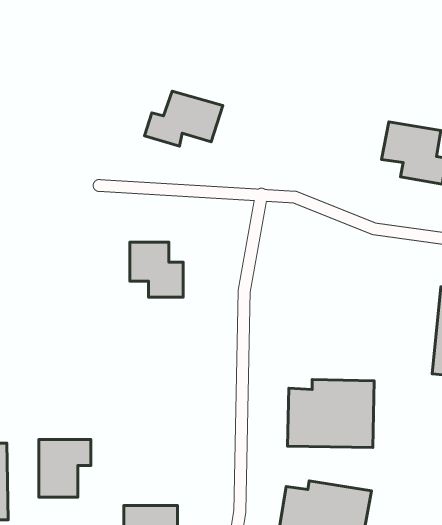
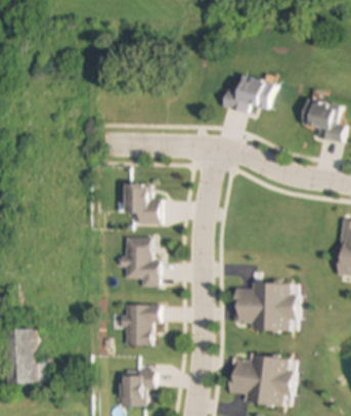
building: [145,91,223,146] -> [222,75,277,114]
building: none -> [124,238,159,287]
building: [39,439,91,497] -> [124,304,161,345]

